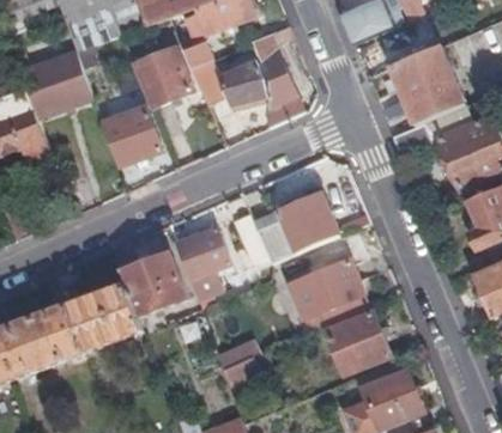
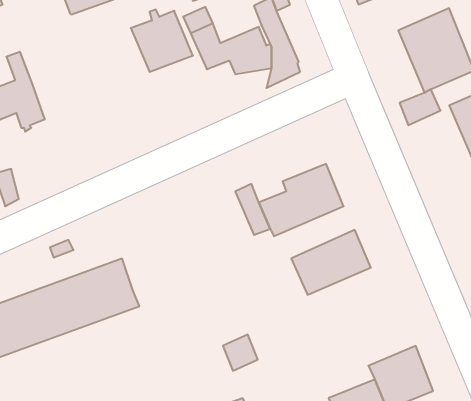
building: [20,49,92,117] -> none
building: [101,103,162,165] -> none
building: [176,227,230,297] -> none
building: [111,242,187,316] -> none
building: [323,311,389,374] -> none

